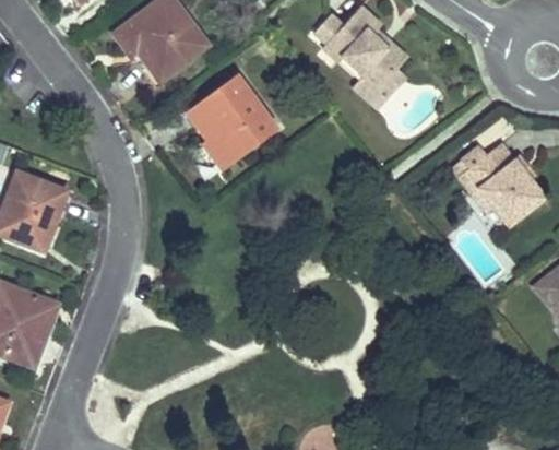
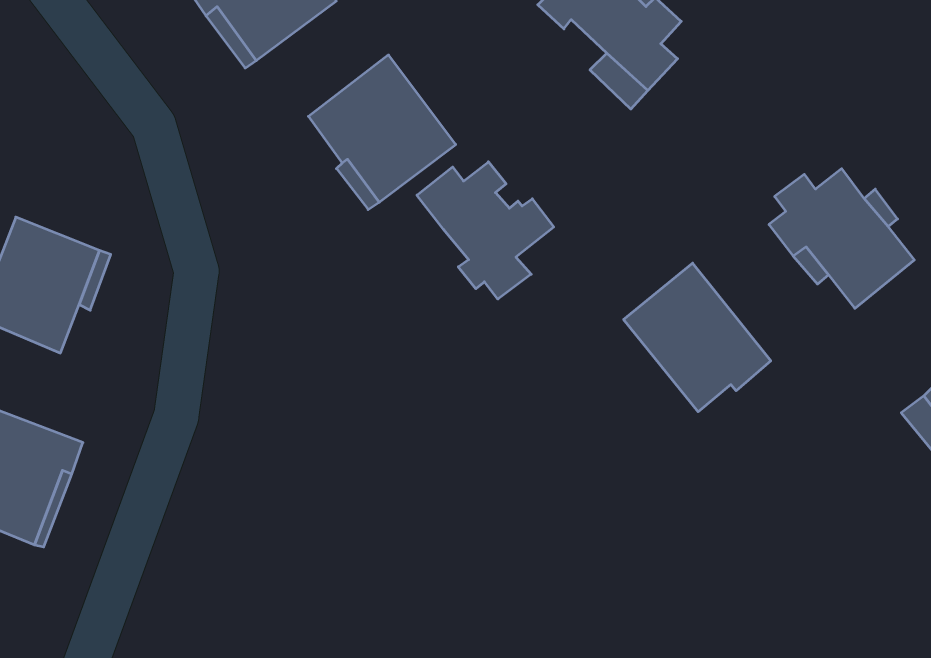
building: none -> [417,162,554,299]
building: none -> [624,263,771,412]

